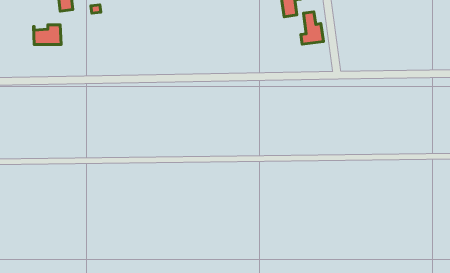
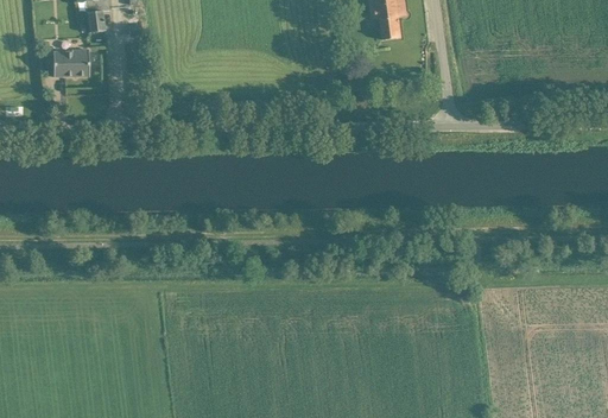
building: [301,12,324,44] -> none

